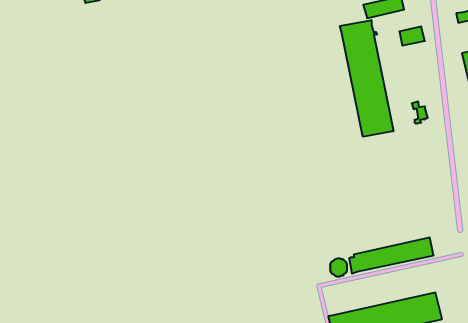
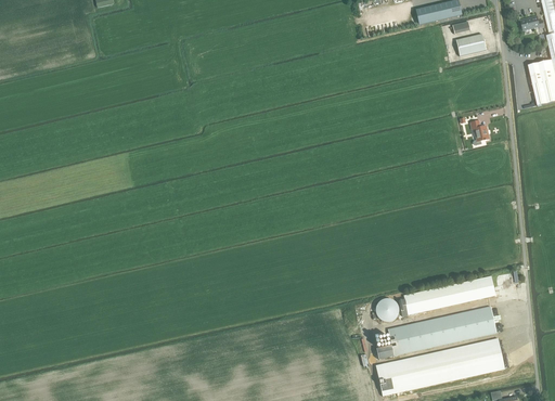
building: [340,20,393,137] -> none
building: none -> [376,307,496,359]

